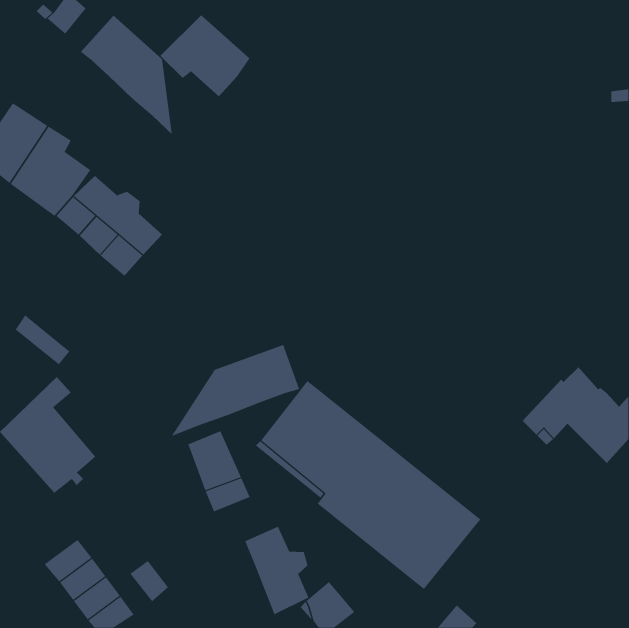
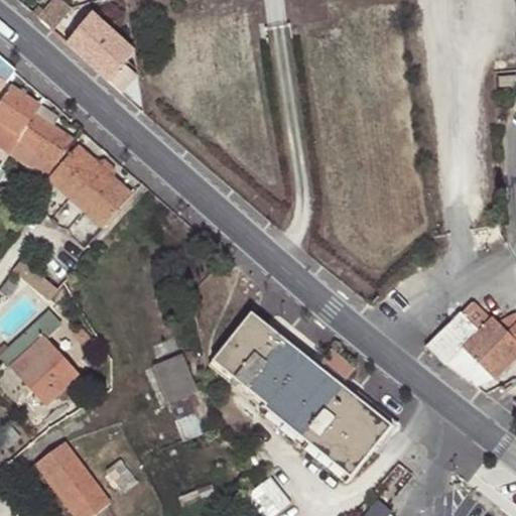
building: [159,14,251,97] -> none
building: [170,344,300,437] -> none
building: [244,526,309,615] -> none

